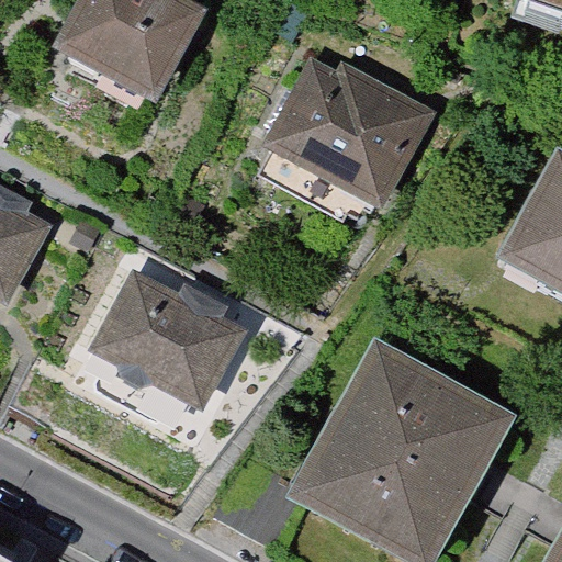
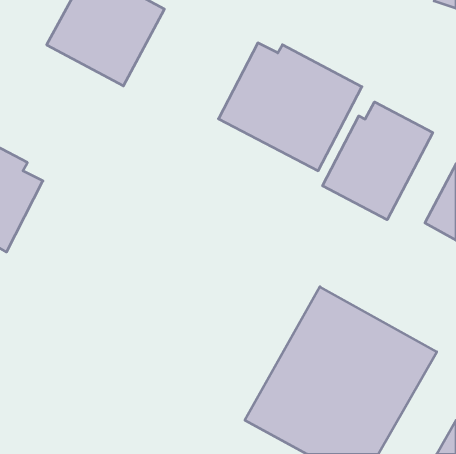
building: none -> [323,102,433,220]
building: [83,265,245,409] -> none

